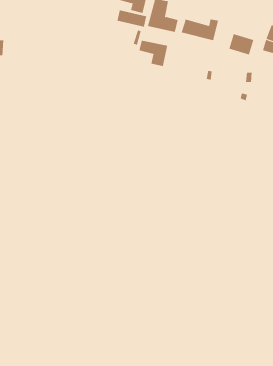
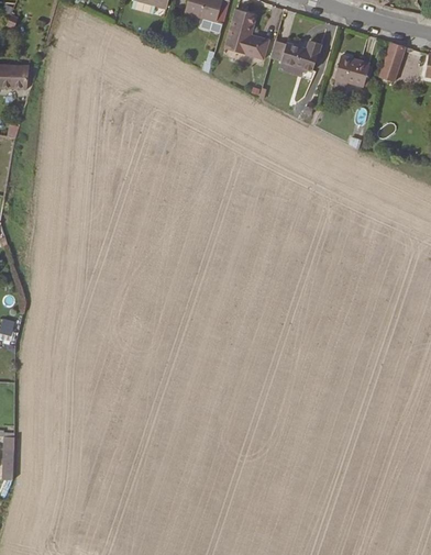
building: [117,9,147,28] -> none
building: [139,40,168,67] -> none

